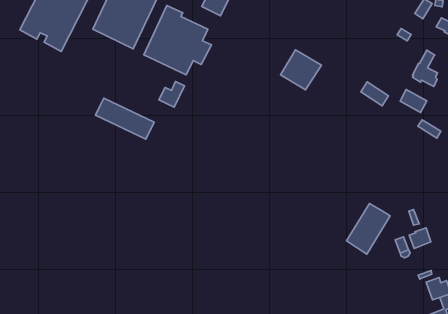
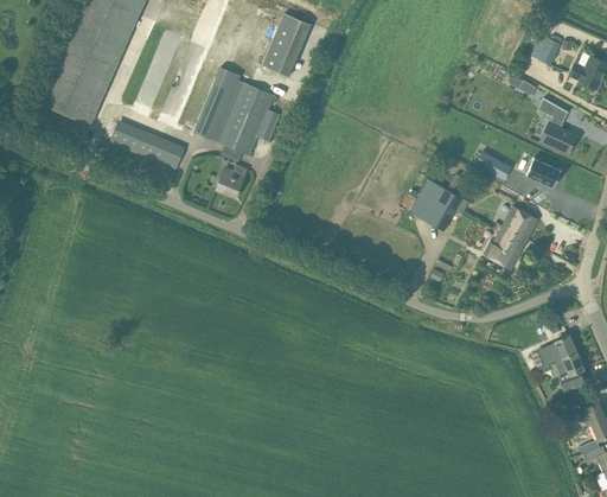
building: [280,50,322,90] -> [410,180,462,231]
building: [96,98,154,139] -> [109,121,185,171]
building: [346,204,390,254] -> [484,205,538,270]
building: none -> [555,353,584,393]

